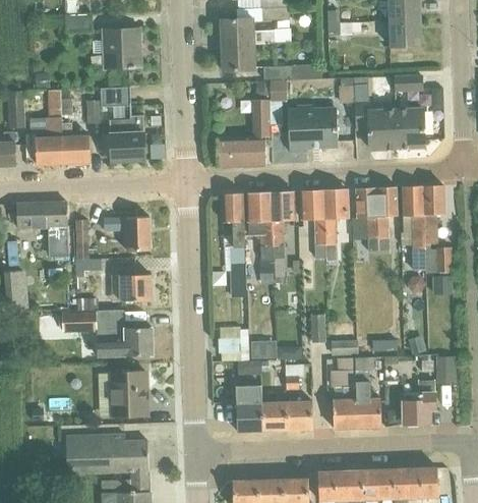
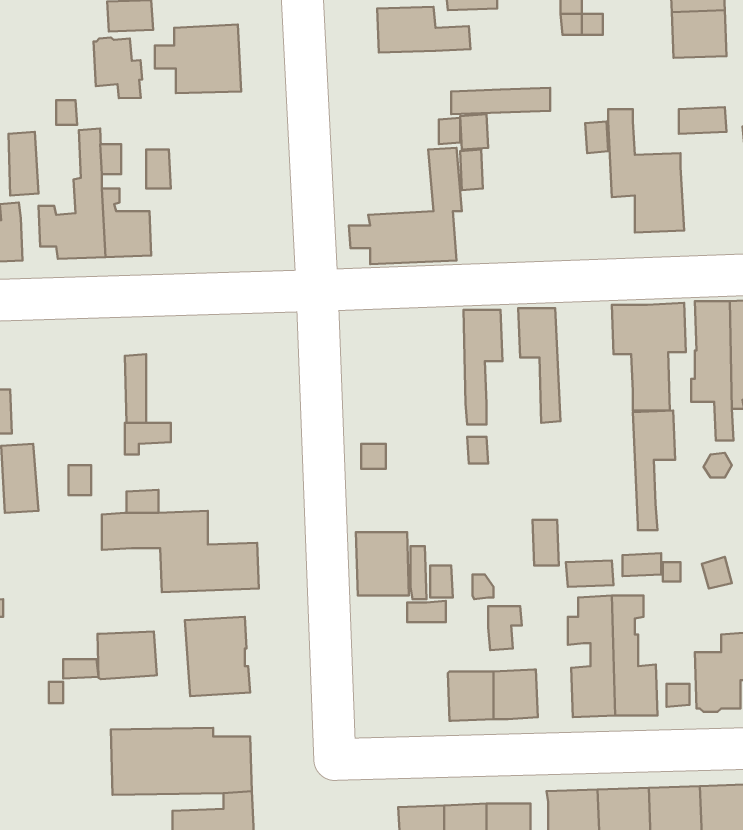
building: none -> [94,37,142,98]
building: [221,44,254,70] -> none
building: [101,89,130,107] -> none
building: [287,106,338,152] -> none
building: [395,110,423,148] -> none
building: [109,115,145,161] -> none
building: [322,191,347,261] -> [633,410,675,530]
building: [247,193,272,259] -> none
building: [222,194,245,297] -> none
building: [17,202,67,256] -> none
building: [102,216,150,250] -> none
building: [111,275,151,301] -> none
building: none -> [98,632,157,679]
building: [234,384,261,431] -> none

